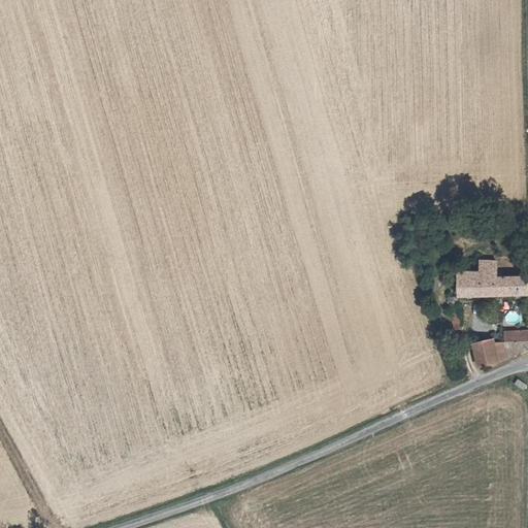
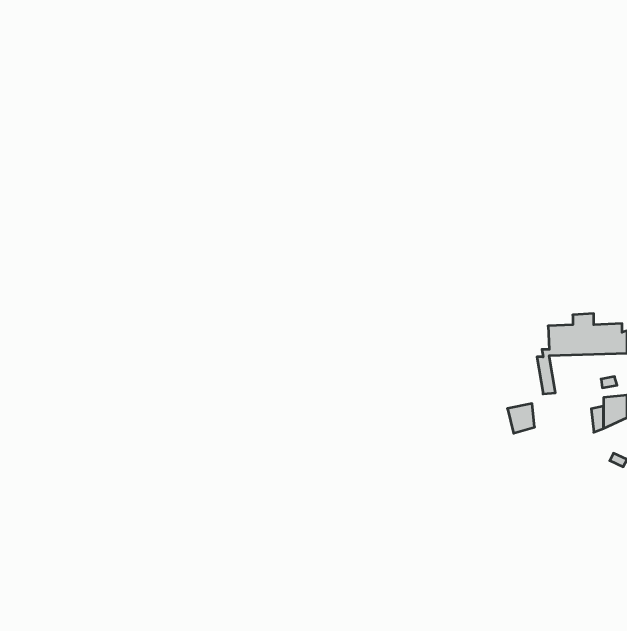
building: [473,341,496,366] -> [507,404,535,433]

